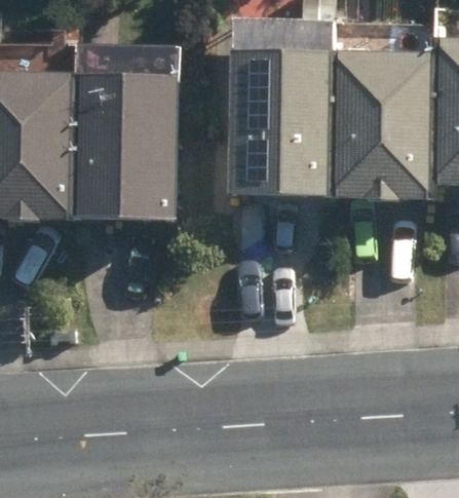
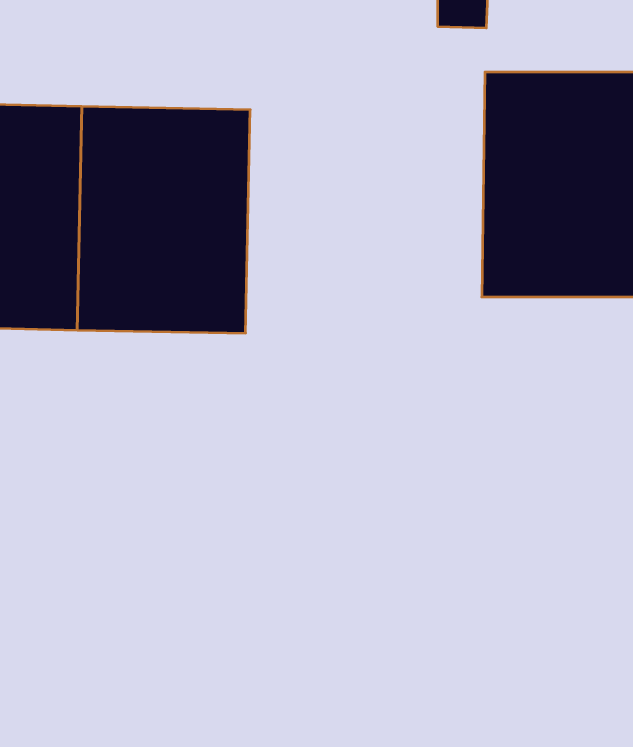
building: [230,45,334,194] -> none

